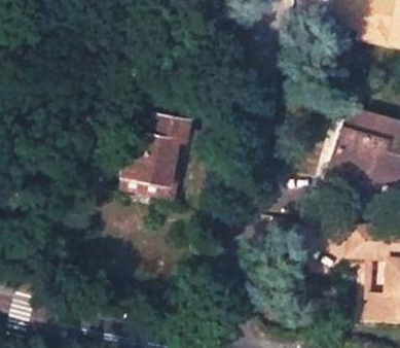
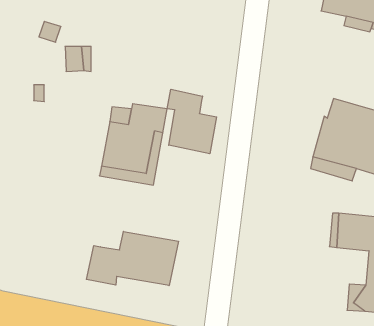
building: none -> [167,89,217,154]
building: none -> [86,231,178,286]

